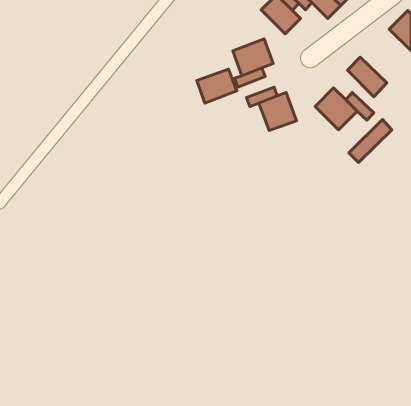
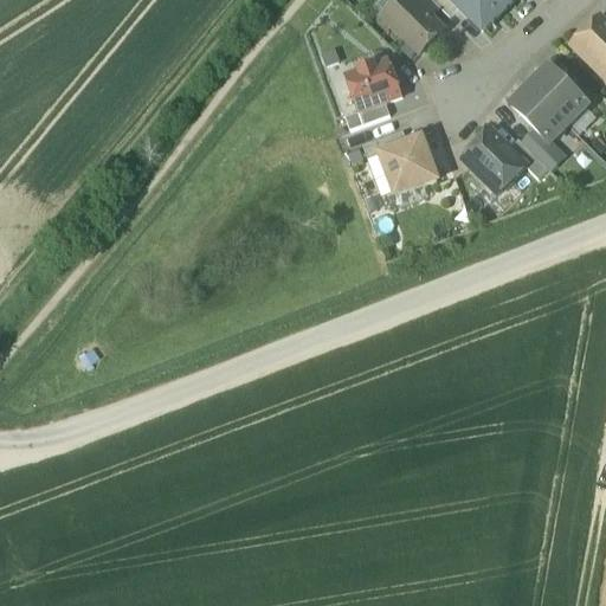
building: none -> [529,64,587,122]
building: [197,69,237,103] -> none
building: [349,119,392,163] -> none

